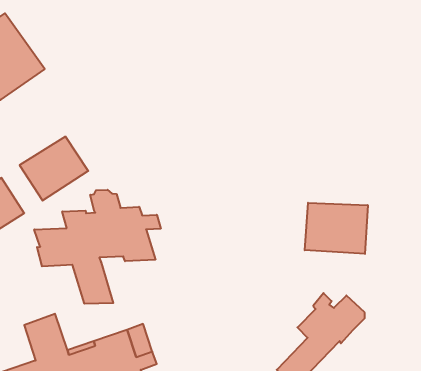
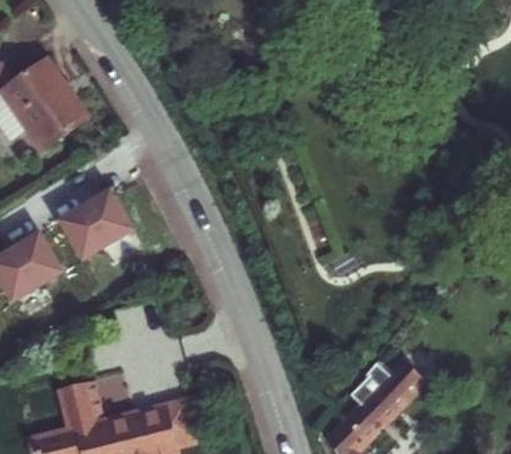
building: [34,190,161,304] -> none
building: [305,203,368,254] -> none

